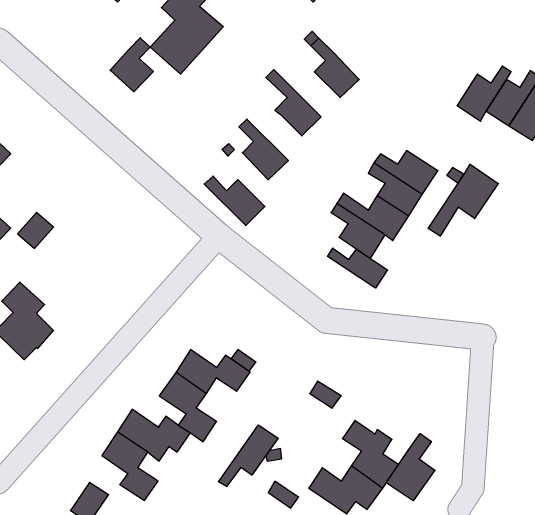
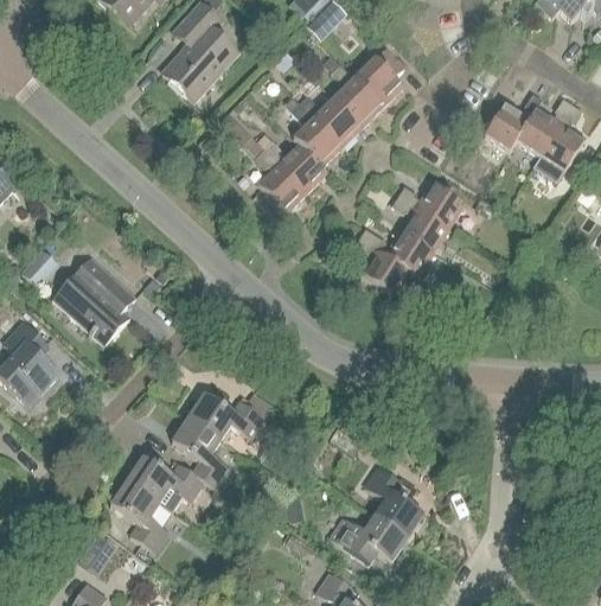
building: none -> [353,49,403,108]
building: [110,38,153,92] -> none
building: none -> [298,96,360,147]
building: [428,164,498,236] -> none
building: [204,176,265,226] -> [262,141,326,193]
building: none -> [51,256,134,346]
building: [328,248,387,288] -> none
building: [219,425,278,487] -> none
building: [386,434,435,501] -> none

